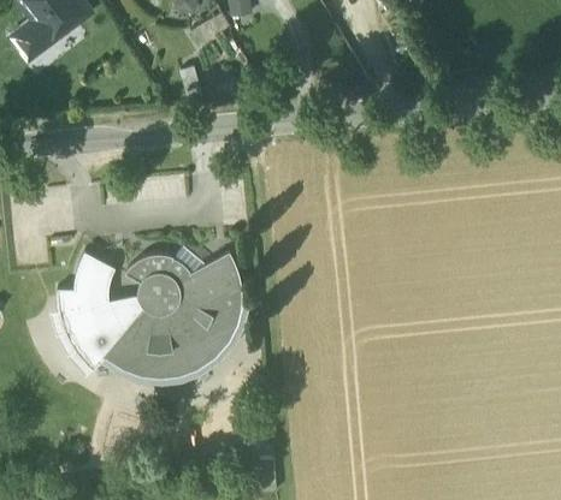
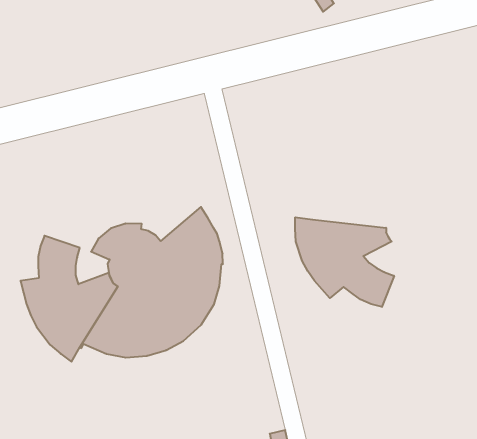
building: none -> [295,217,394,307]

